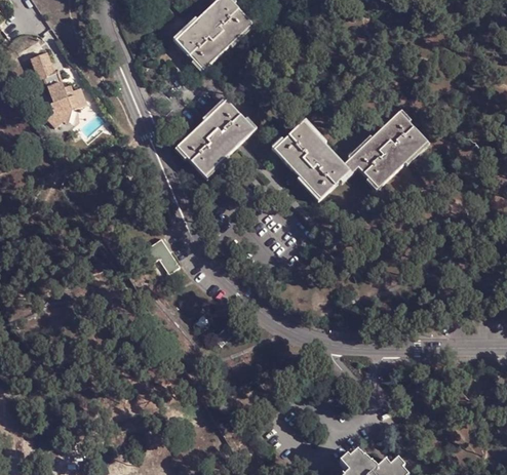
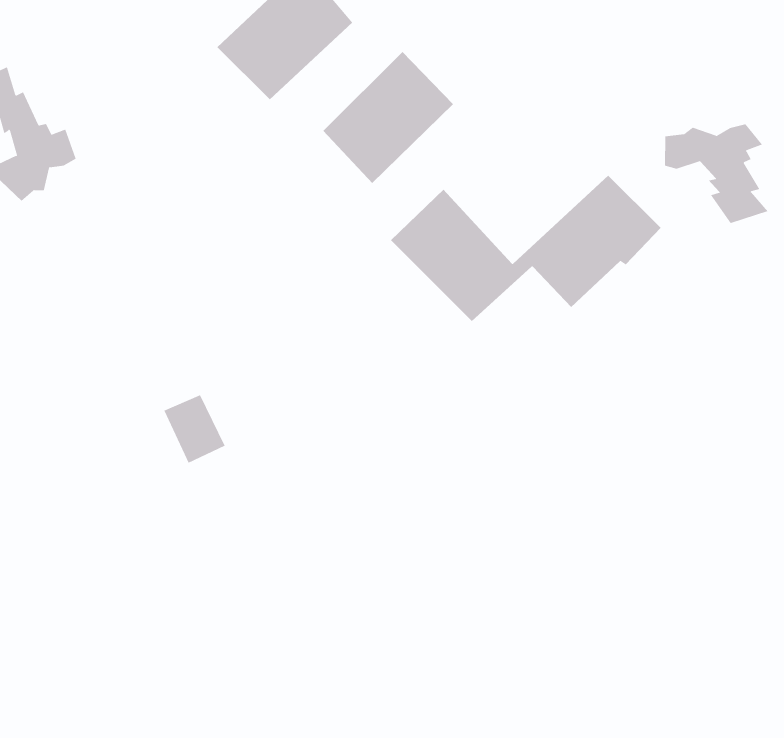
building: none -> [665,123,768,224]
building: [179,101,255,177] -> [323,51,454,184]

